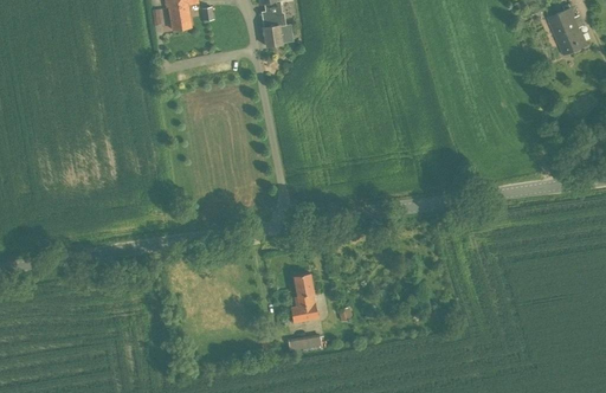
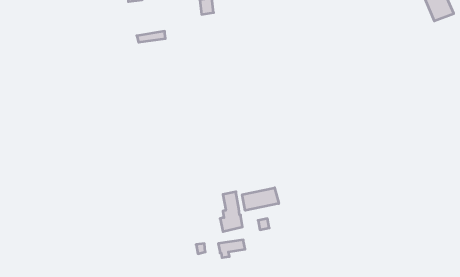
building: none -> [242,188,279,210]

